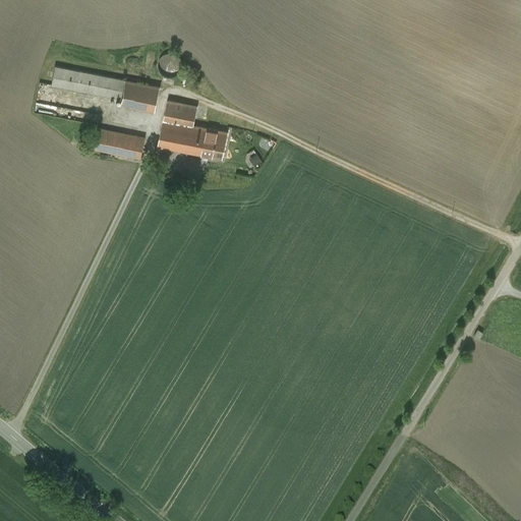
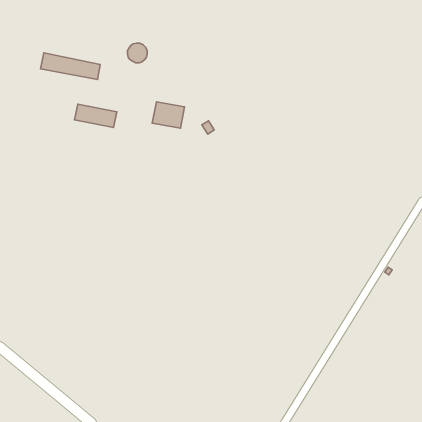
building: [119,80,159,112] -> none
building: [157,101,196,153] -> none

